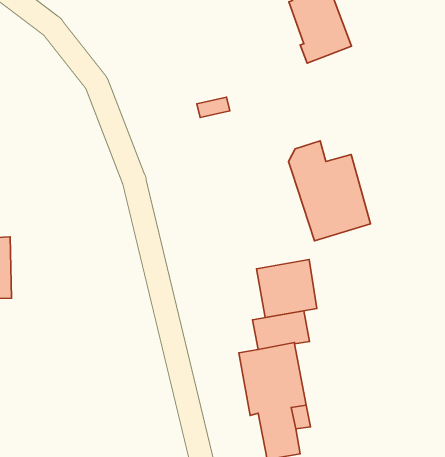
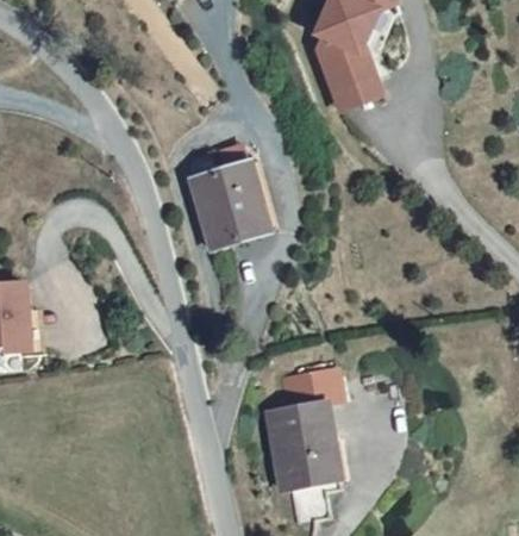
building: [288,141,370,241] -> [183,144,269,249]
building: [257,259,317,318] -> none

